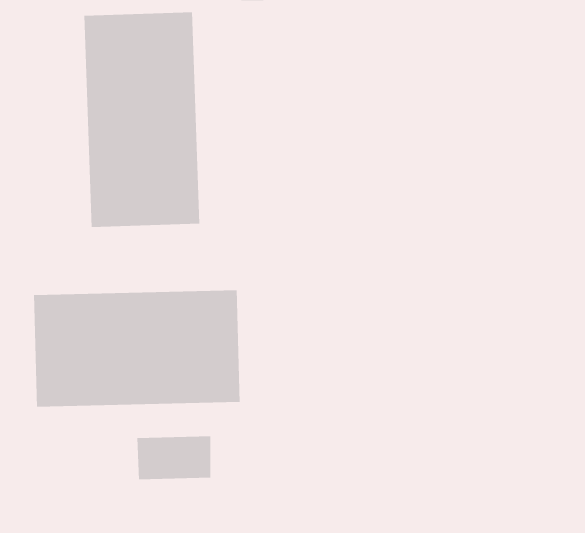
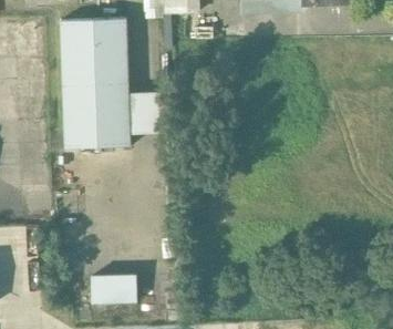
building: [34,289,240,408] -> none

